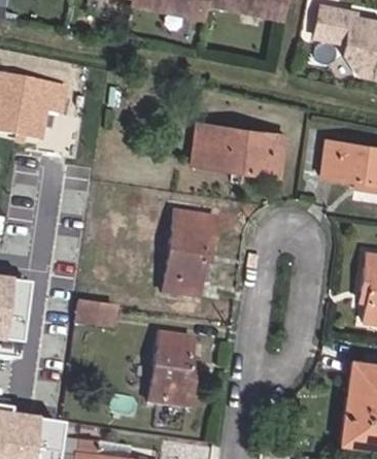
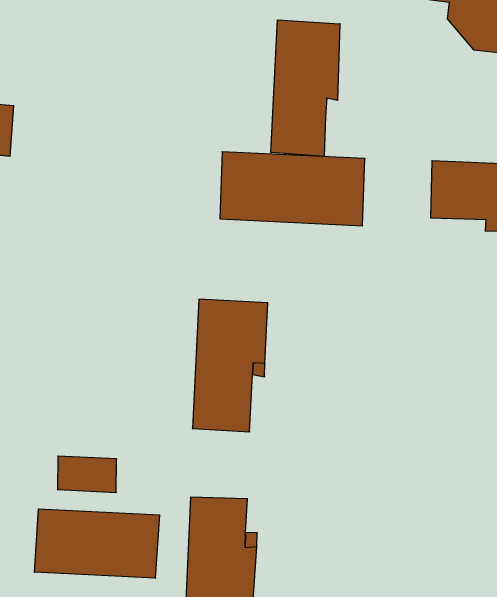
building: none -> [271,20,340,156]
building: none -> [34,509,159,578]

